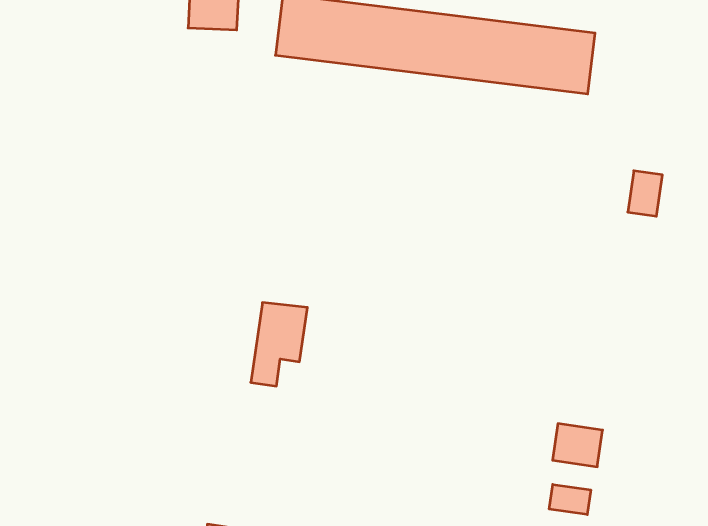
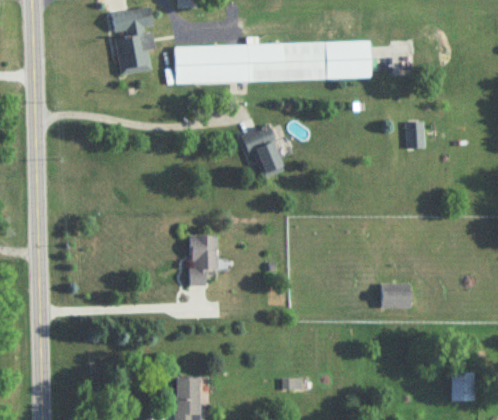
building: none -> [243,125,284,179]
building: [549,484,591,515] -> none

